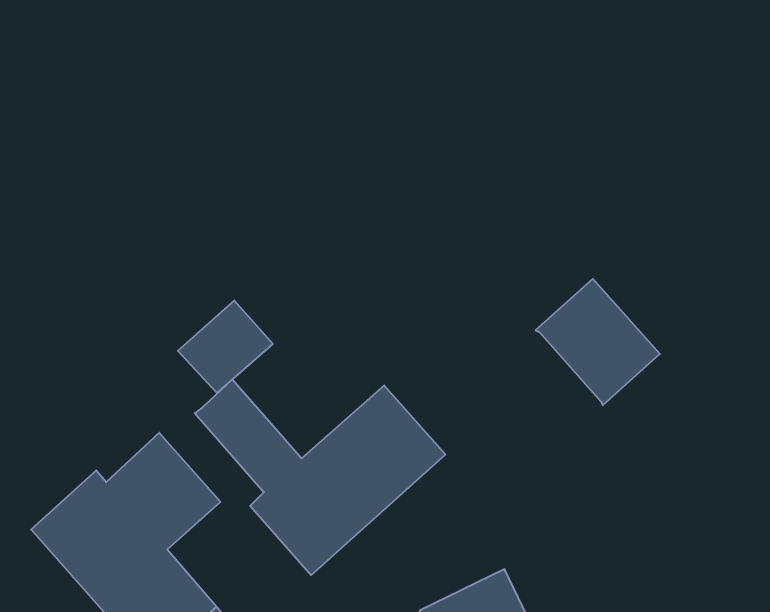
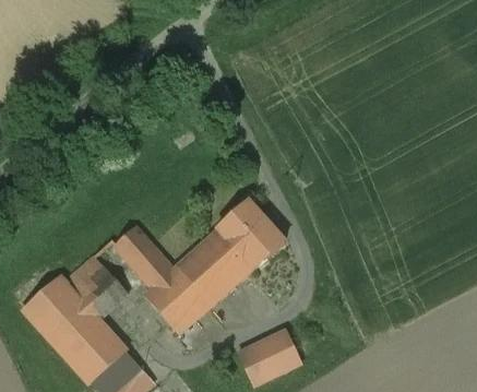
building: [536,279,660,405] -> [216,199,285,269]
building: [178,300,273,393] -> none

